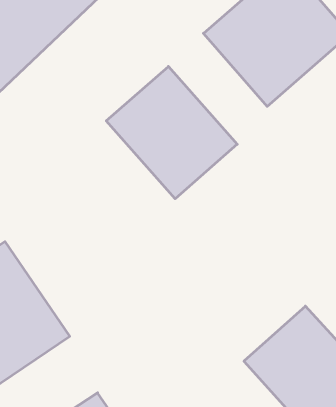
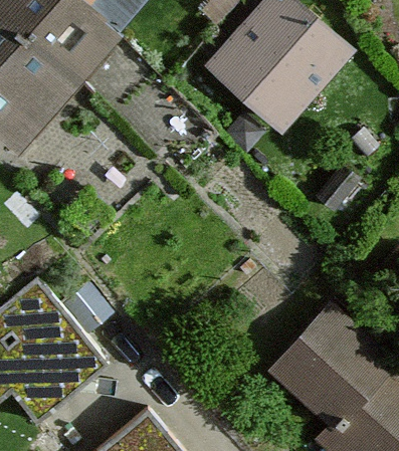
building: [106,66,237,199] -> none

